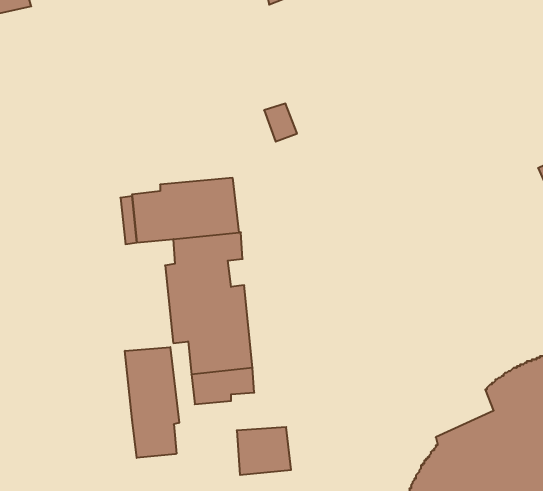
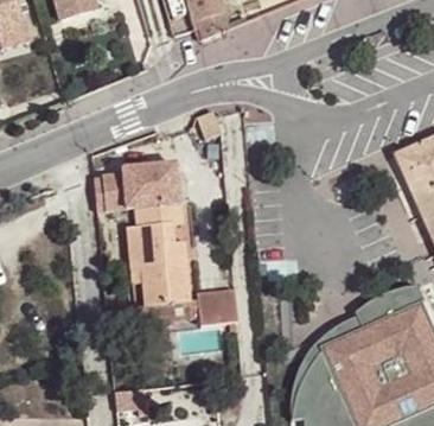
building: [125,347,179,458] -> none
building: [237,427,291,475] -> [197,287,236,322]

